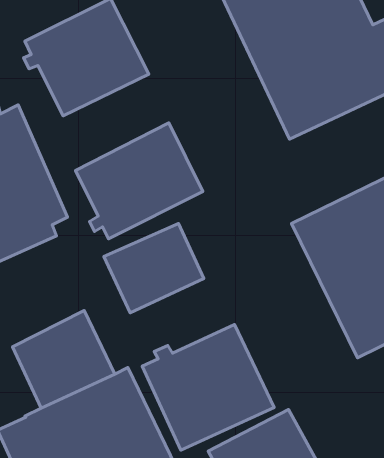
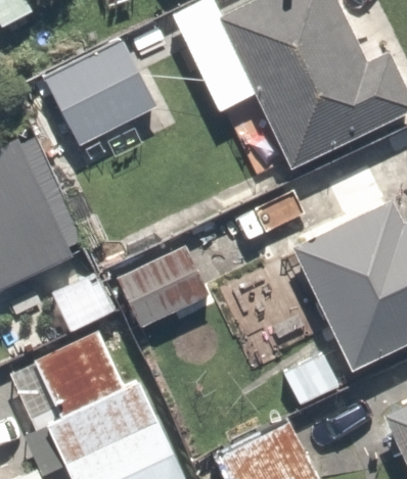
building: [75,123,203,239] -> none
building: [142,324,274,450] -> none

